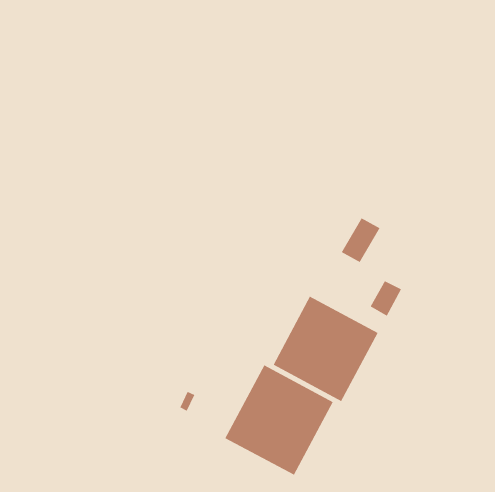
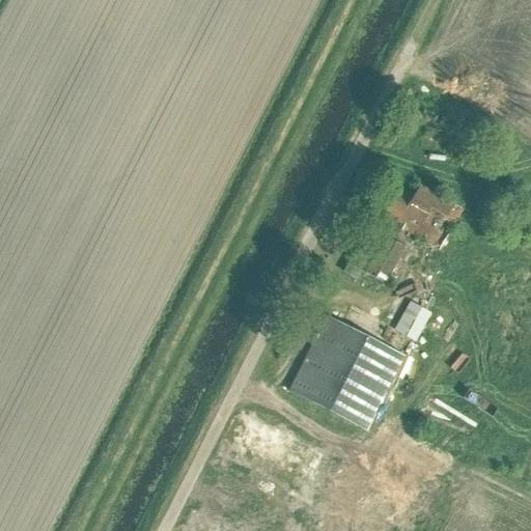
building: none -> [381,183,464,248]
building: [225,365,334,476] -> none

